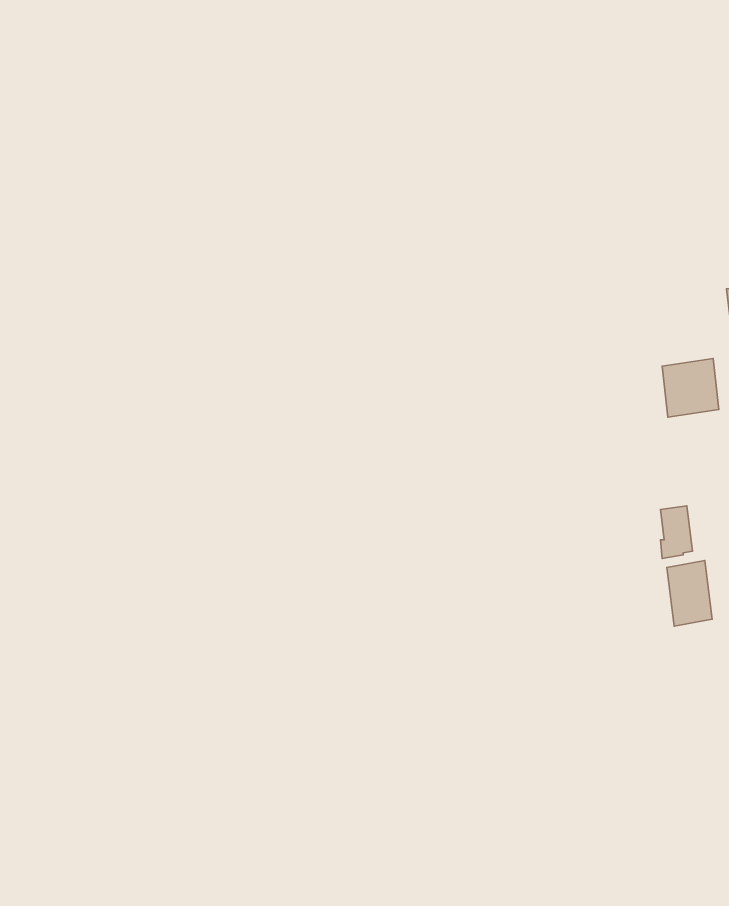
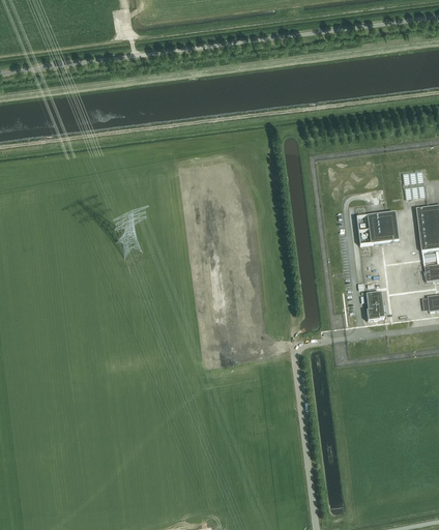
building: [667,561,712,626] -> none

